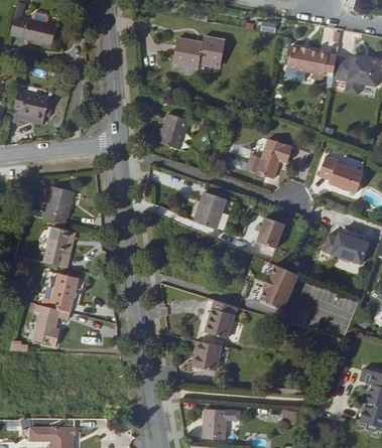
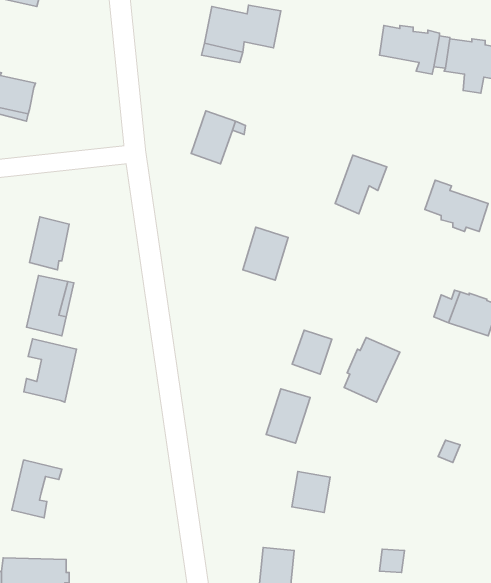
building: [258,217,285,248] -> [292,330,332,374]
building: [33,302,68,341] -> [12,460,62,518]
building: [198,340,224,368] -> [292,471,330,513]

